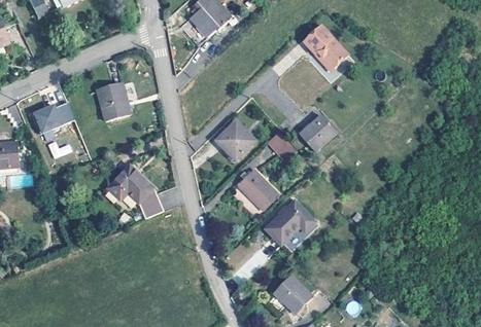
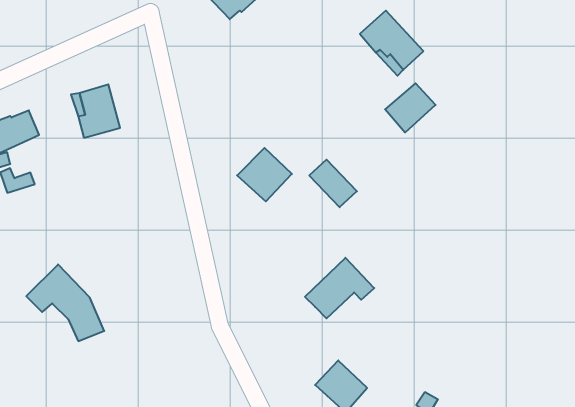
building: [302,117,338,152] -> [385,83,436,132]
building: [108,162,164,217] -> [26,264,104,341]
building: [240,172,280,212] -> none

